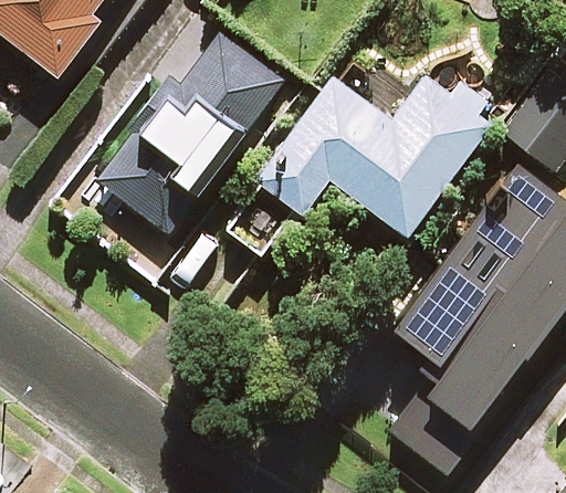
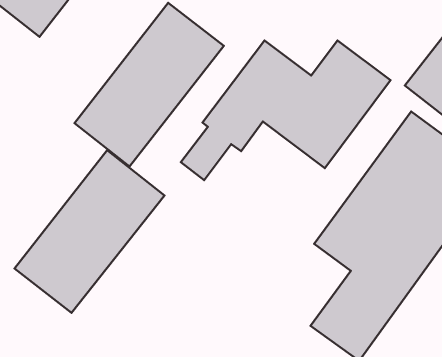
building: none -> [15,150,165,313]

